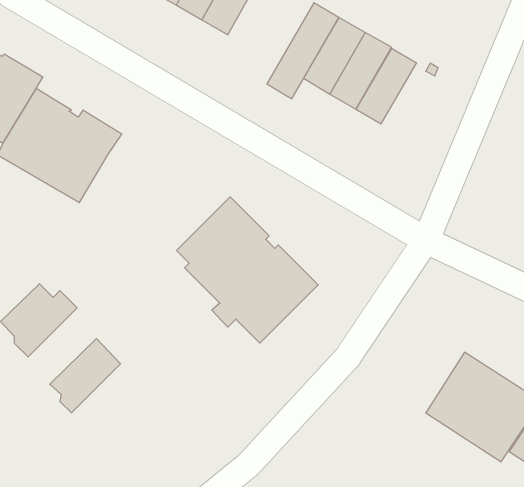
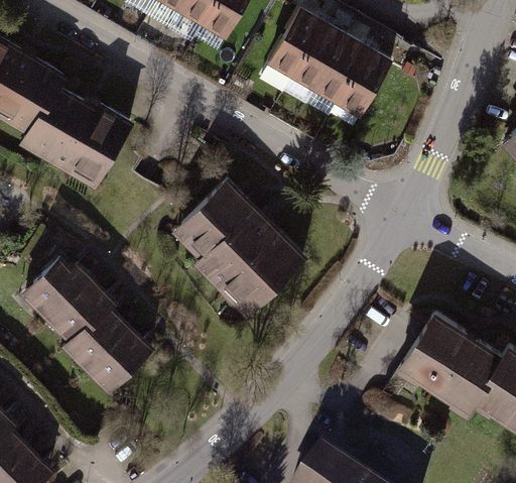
building: none -> [47,278,113,341]
building: none -> [86,328,151,390]

